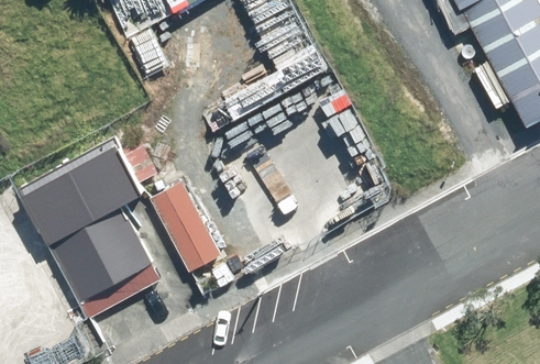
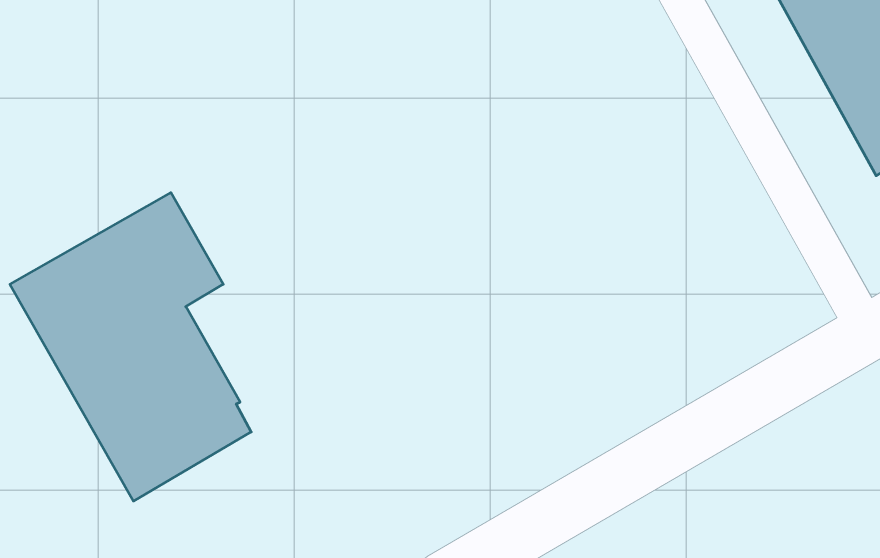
building: [152,186,223,274] -> none

